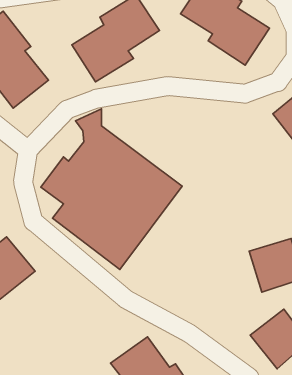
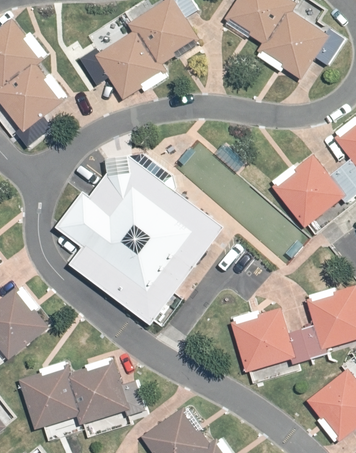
building: none -> [269,156,343,229]
building: none -> [229,310,294,374]
building: none -> [17,359,130,429]

